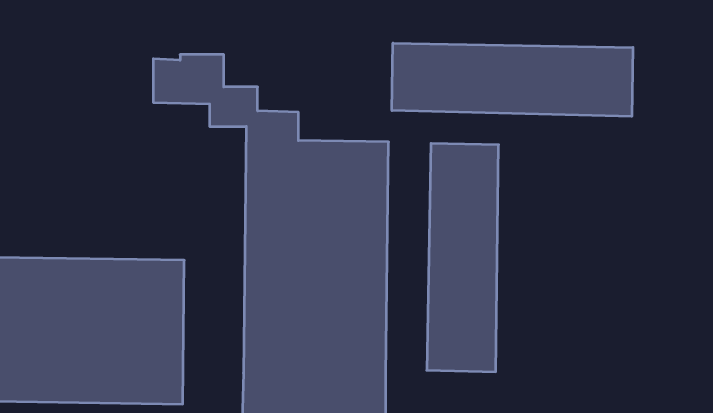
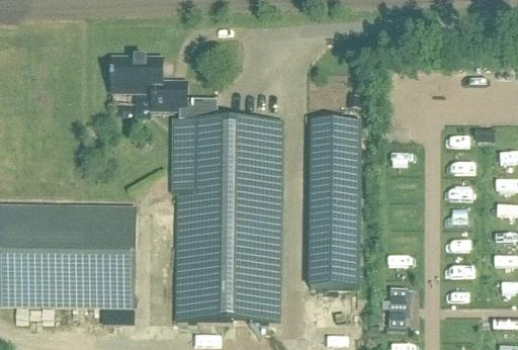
building: [392,43,633,116] -> none

